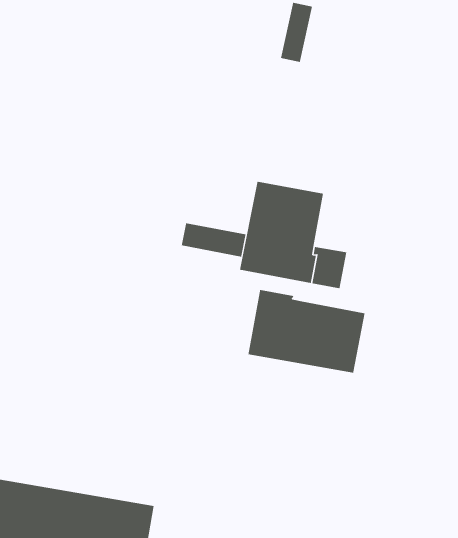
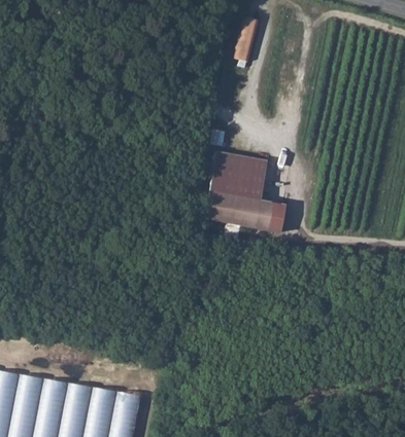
building: [181,222,246,257] -> none
building: [248,289,365,374] -> none

